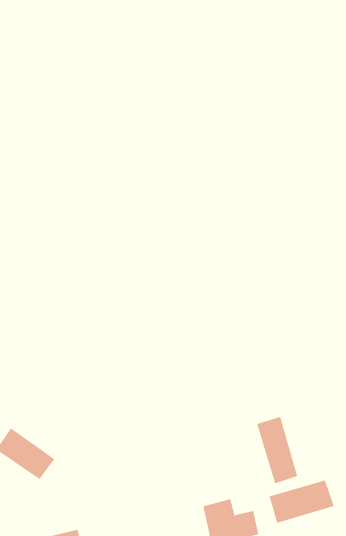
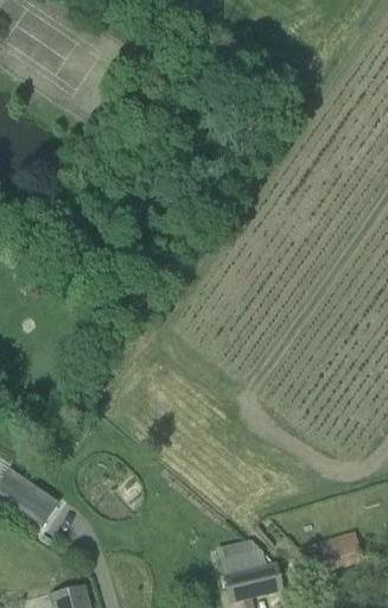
building: [256,416,298,484] -> none

